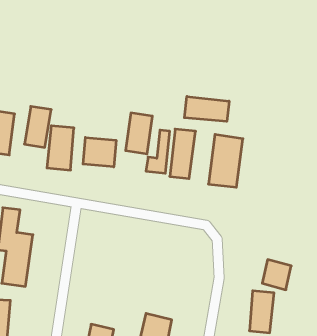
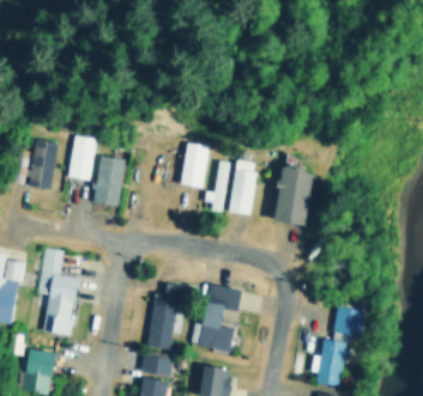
building: [184,96,229,121] -> none
building: [83,137,116,167] -> none
building: none -> [149,284,186,349]
building: none -> [192,284,242,352]
building: none -> [143,355,173,376]

